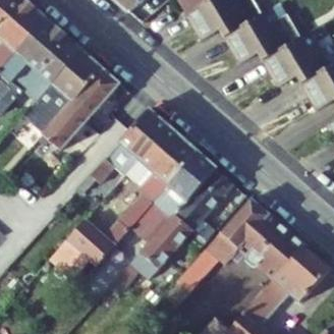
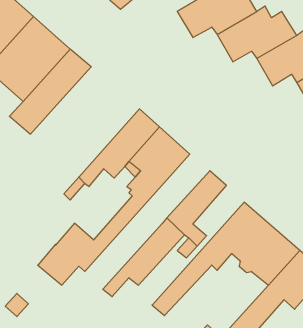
building: [38,67,120,151] -> none
building: [96,152,217,274] -> none

